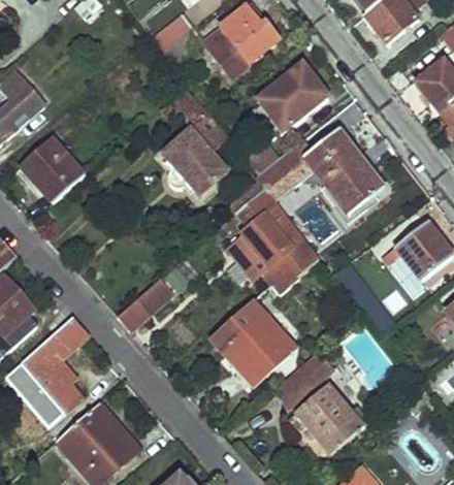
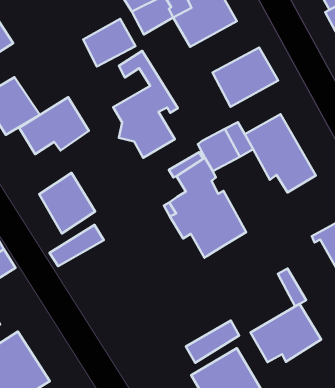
building: none -> [83,19,136,67]
building: none -> [19,97,89,154]
building: none -> [39,173,95,233]
building: [219,310,293,386] -> none
building: none -> [251,304,321,362]

